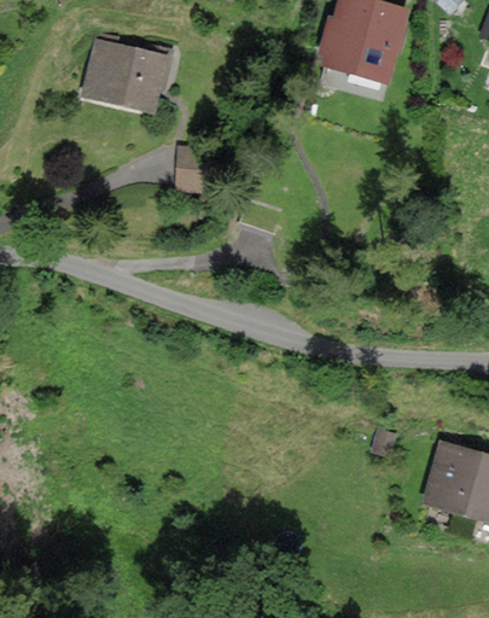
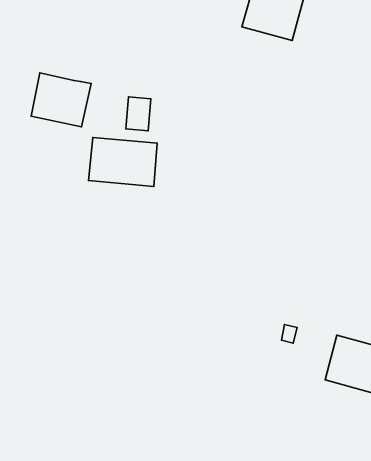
building: [87,41,162,109] -> [31,73,91,127]
building: none -> [89,137,157,186]

